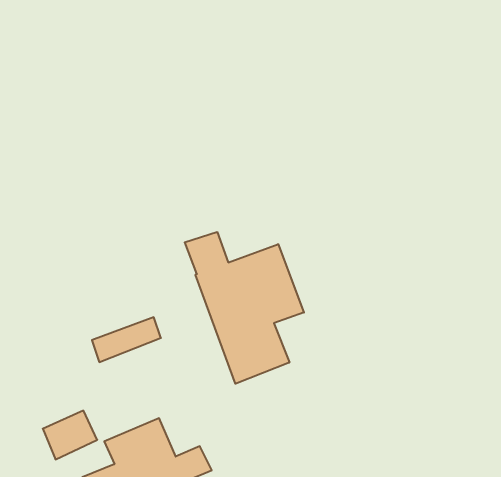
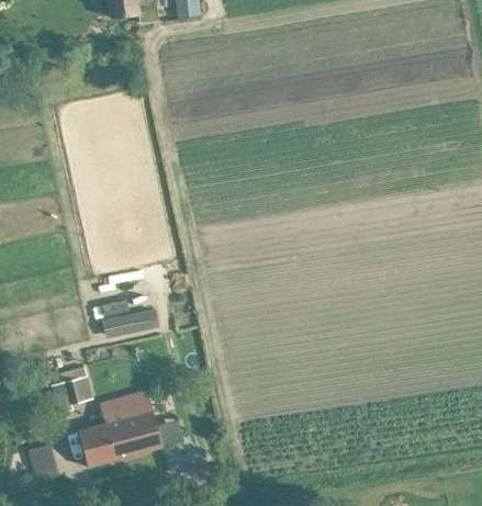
building: [185,232,304,384] -> none

